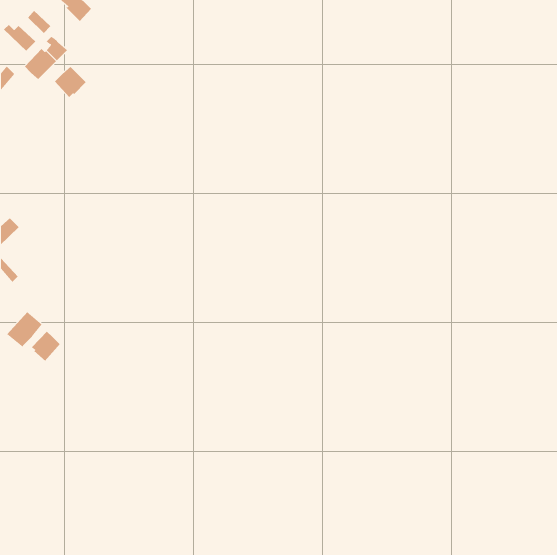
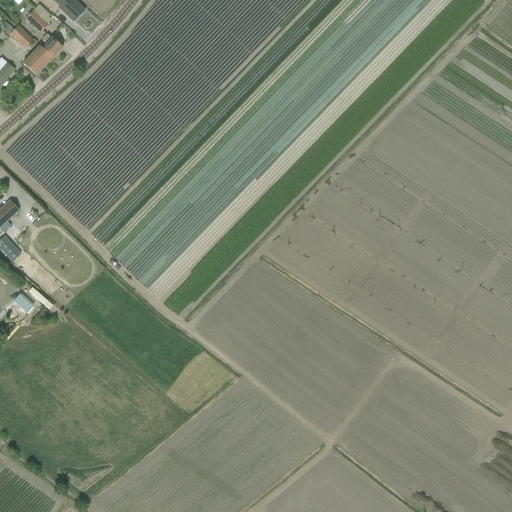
building: [54,66,87,98] -> none
building: [31,331,61,361] -> none

